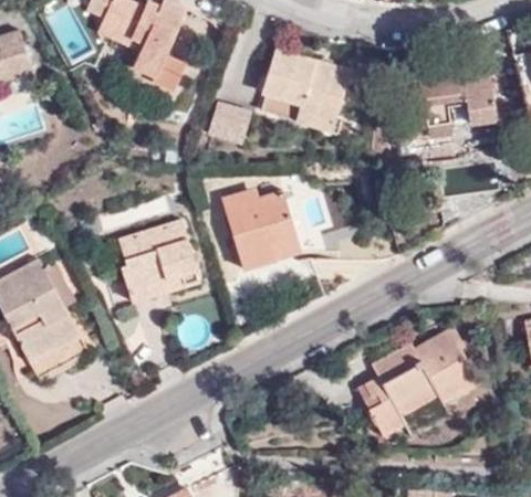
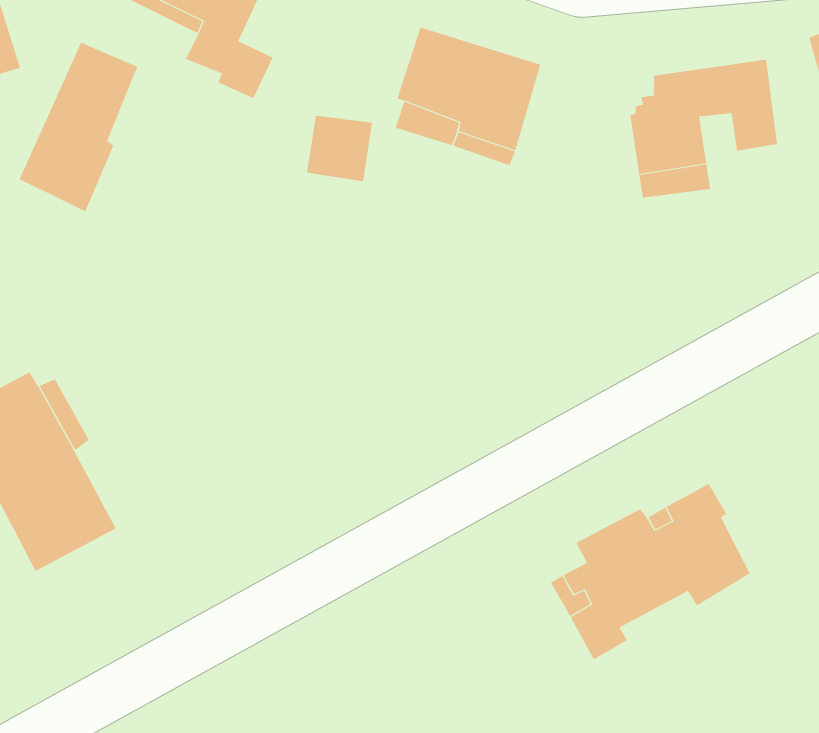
building: none -> [19,42,138,212]
building: [221,189,299,269] -> none
building: [119,220,198,303] -> none

